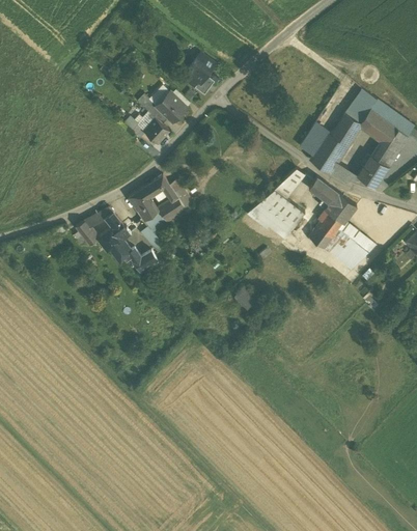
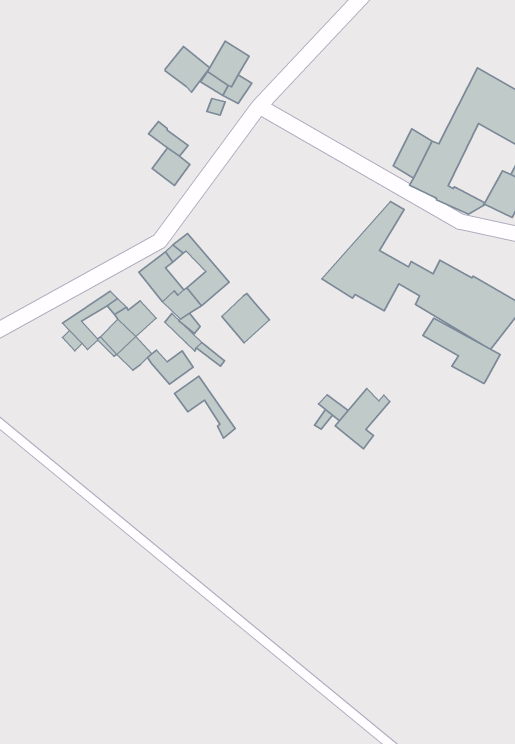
building: [157,92,186,122] -> [165,47,210,92]
building: [308,177,357,223] -> [423,318,500,384]
building: none -> [222,293,269,343]
building: none -> [174,376,235,438]
building: none -> [335,389,390,449]

